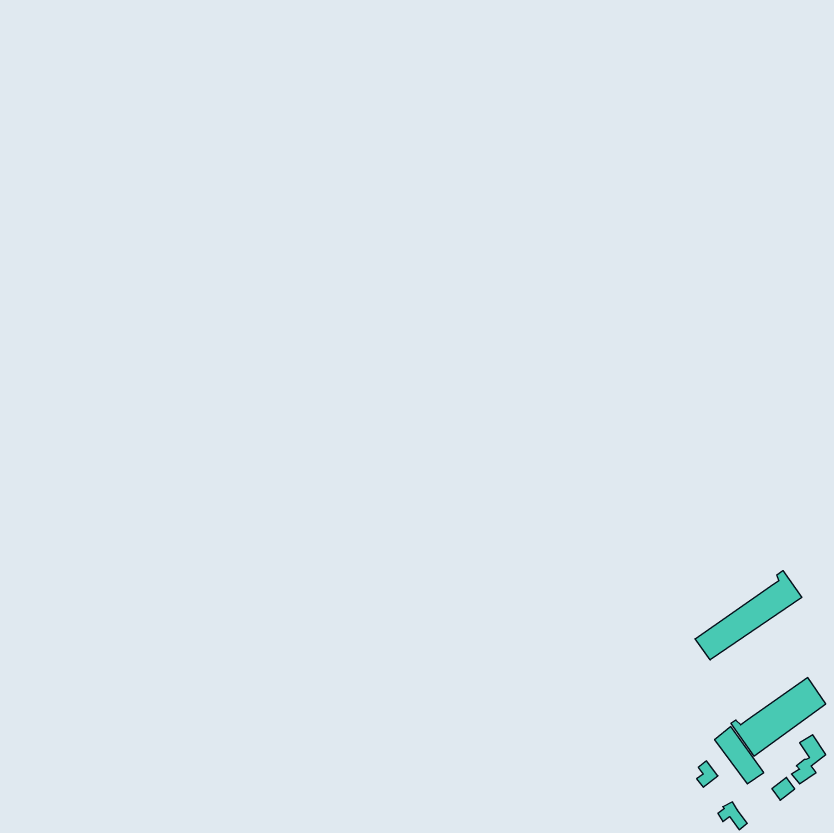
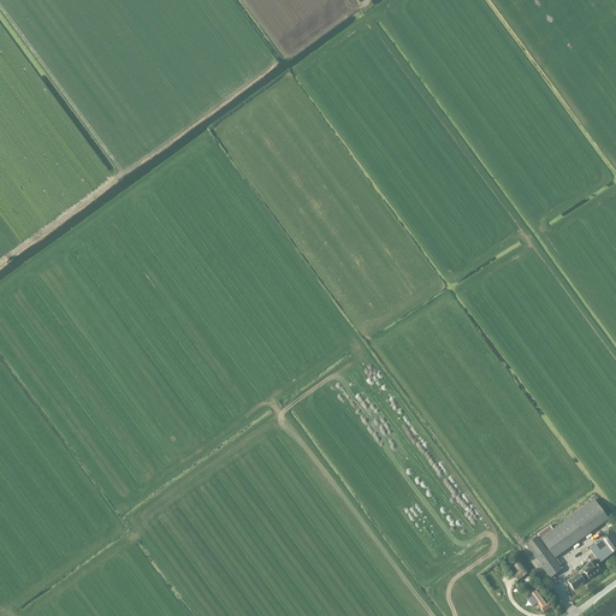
building: [695,571,802,660] -> none

